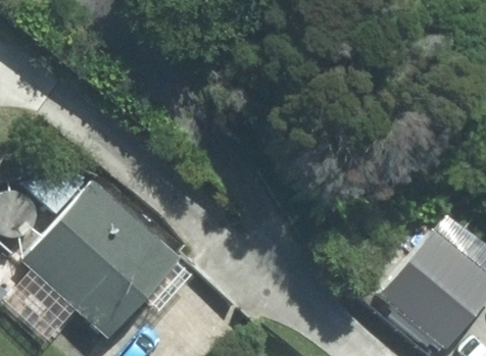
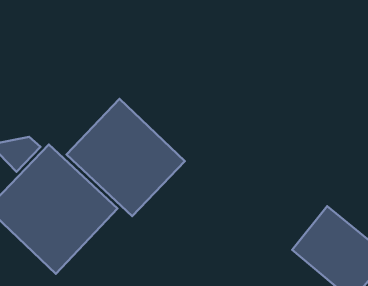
building: none -> [67,99,185,216]

